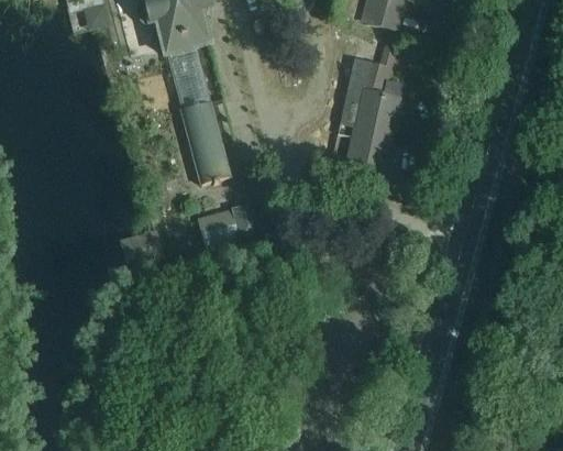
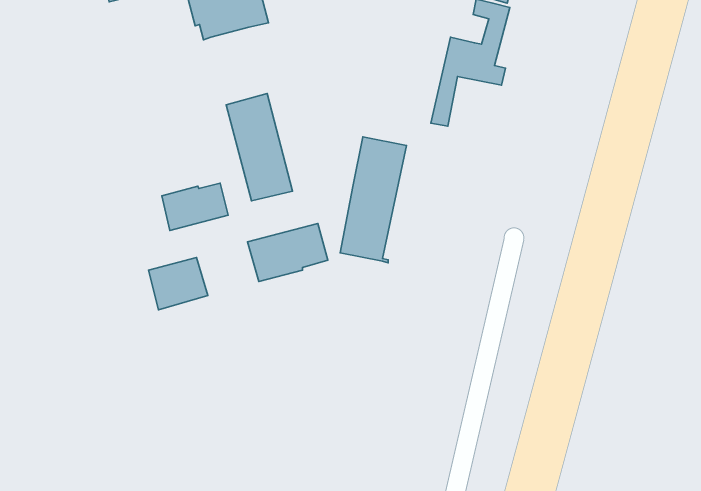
building: [168,50,212,110] -> none
building: [343,88,395,186] -> [340,137,407,263]
building: none -> [162,183,228,230]

